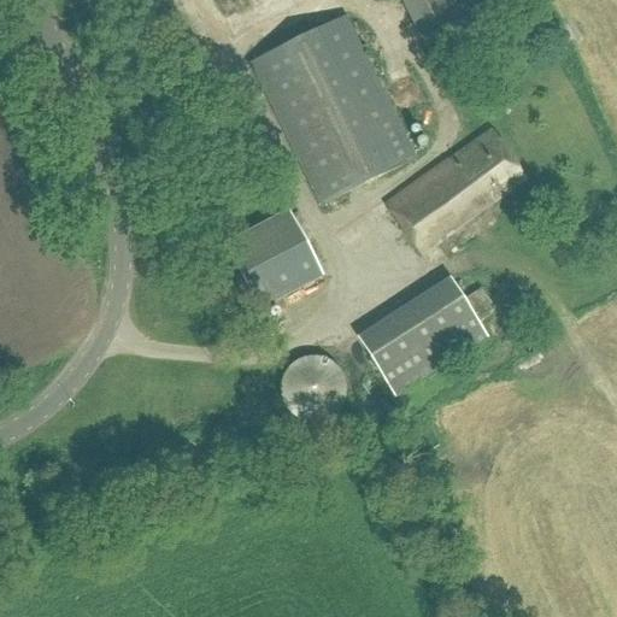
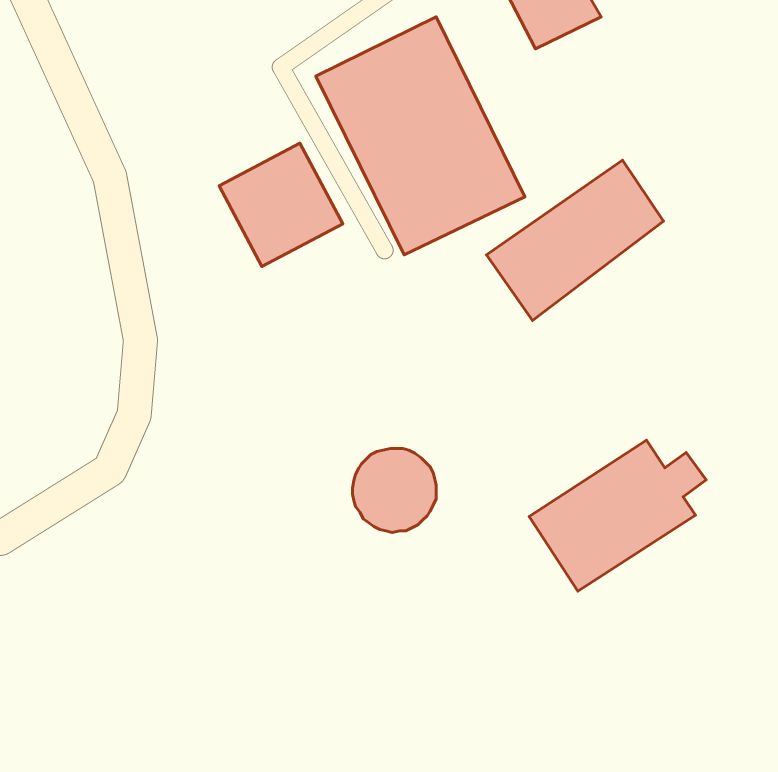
building: [224,208,322,306] -> [219,143,343,267]
building: [357,275,496,394] -> [529,440,706,591]

